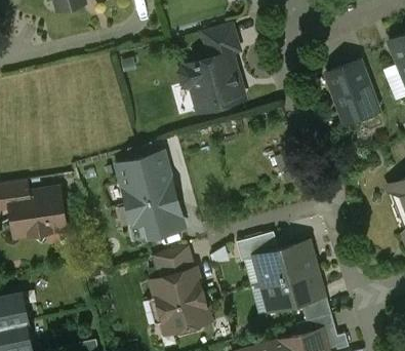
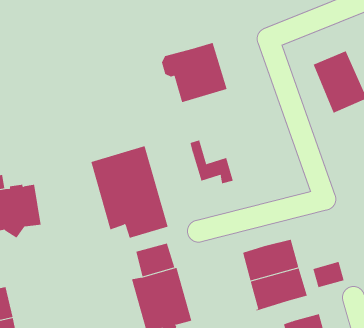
building: [202,26,236,60] -> none
building: none -> [190,140,233,184]
building: [237,234,277,261] -> none
building: [300,296,331,321] -> [312,261,345,288]

